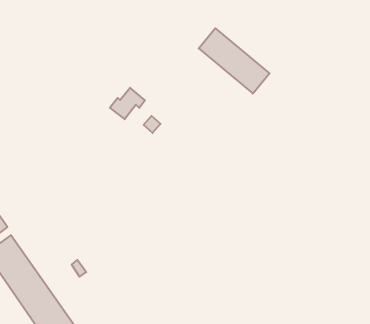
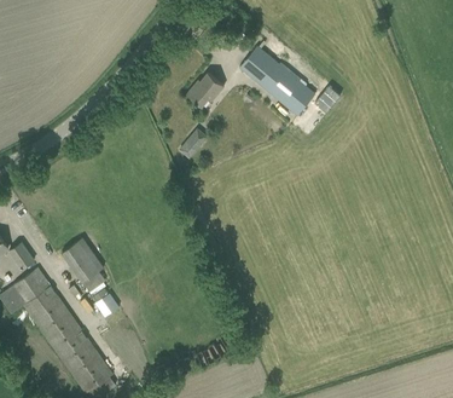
building: [110,88,145,119] -> [187,73,225,106]
building: none -> [63,238,106,293]

